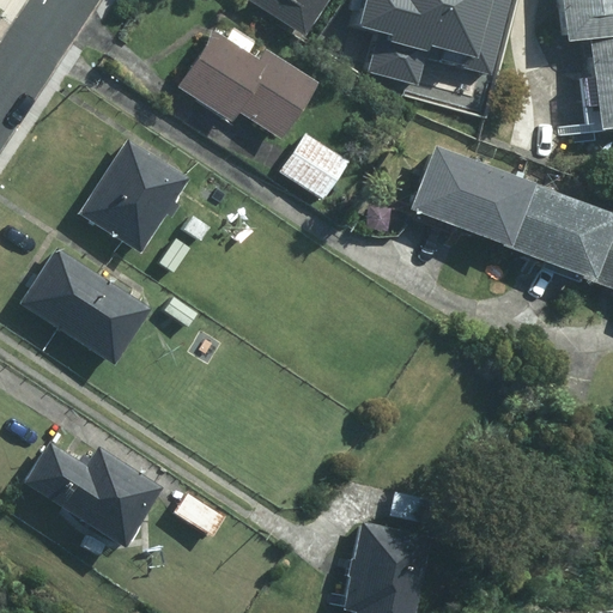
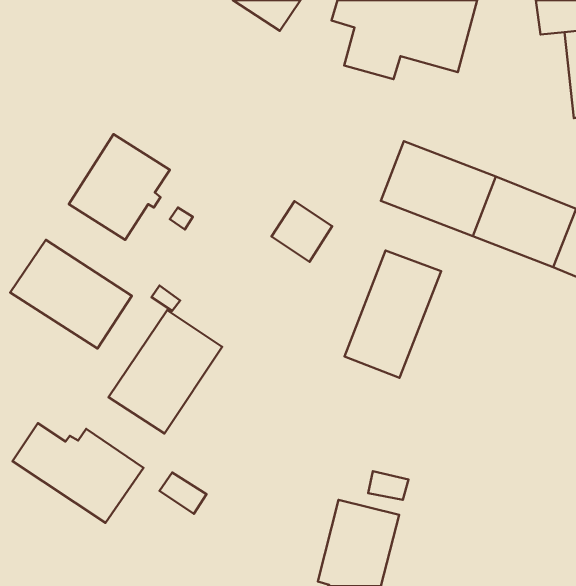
building: [178,31,315,136] -> none
building: [285,134,348,198] -> [272,201,332,262]
building: none -> [345,251,441,378]
building: none -> [108,310,222,433]

